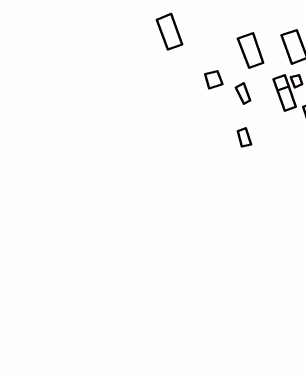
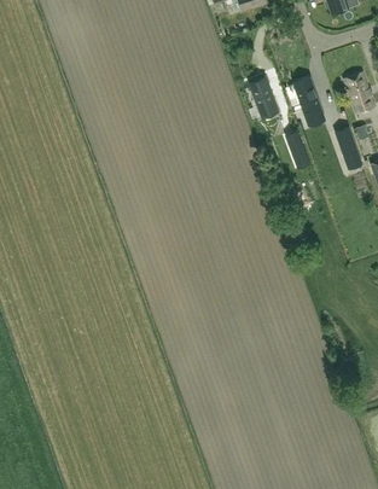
building: [157,14,182,49] -> [249,75,279,117]

